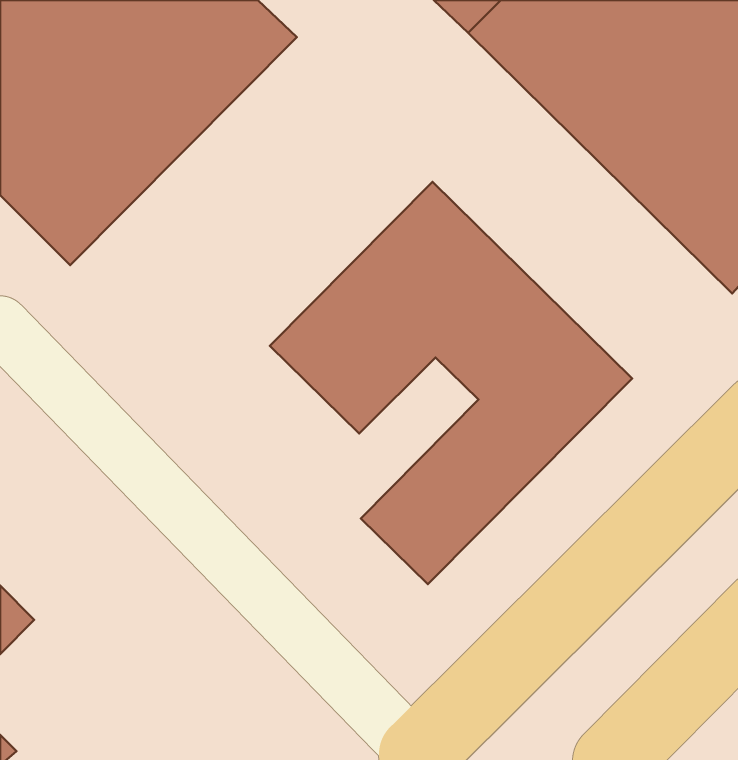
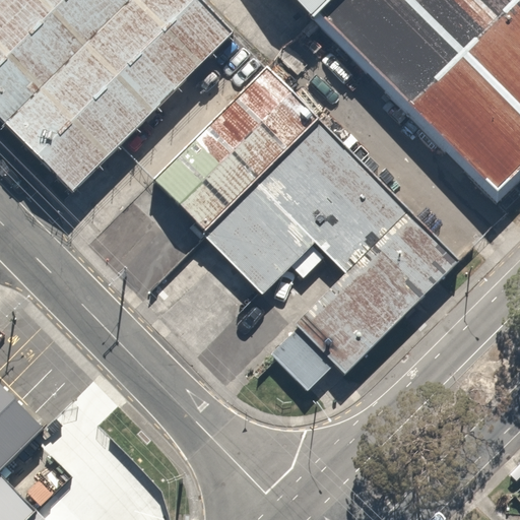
building: none -> [152,73,311,232]

